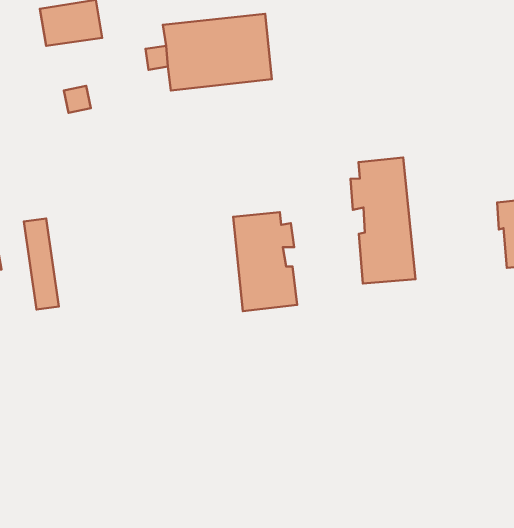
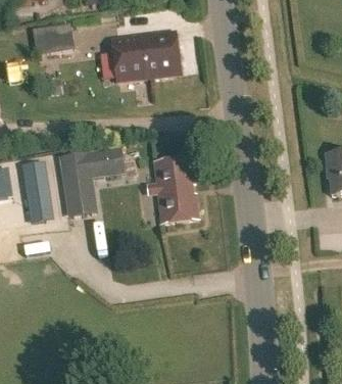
building: [350,158,415,284] -> none
building: none -> [63,148,124,215]

